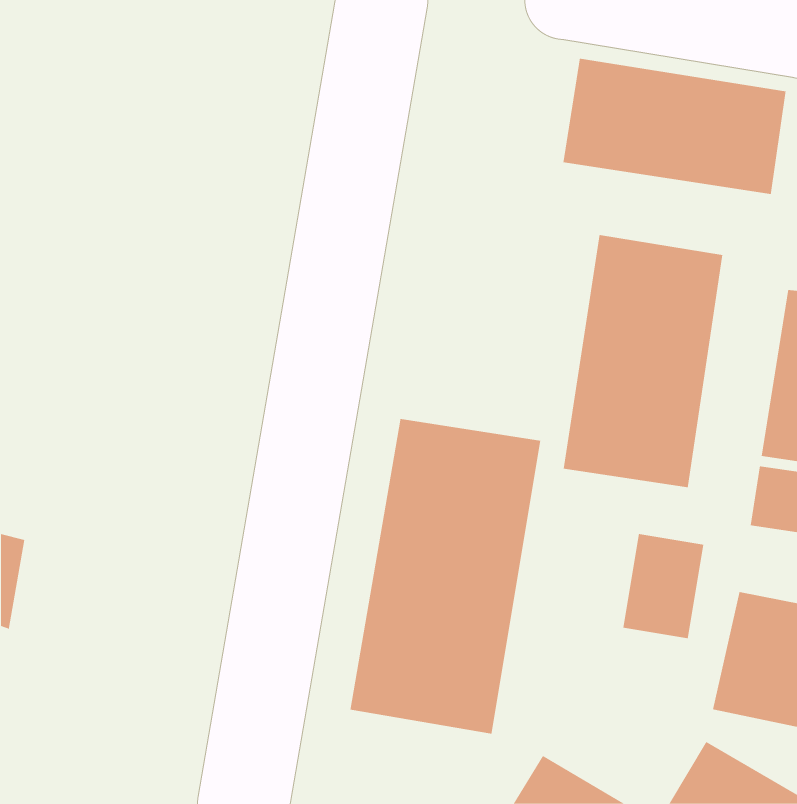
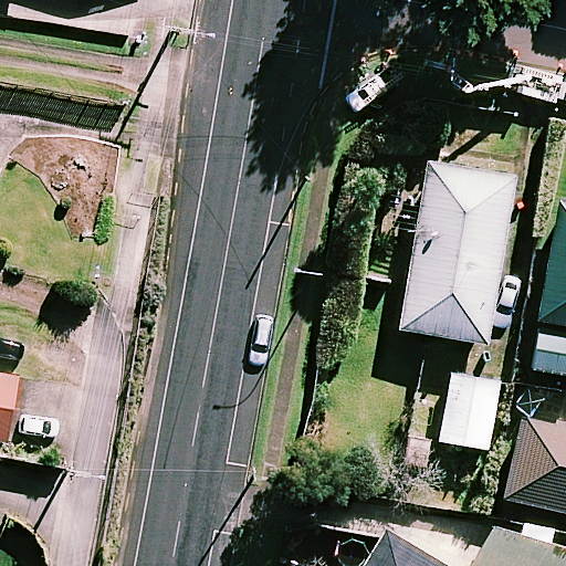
building: [563,58,786,195] -> none
building: [350,418,541,734] -> none

